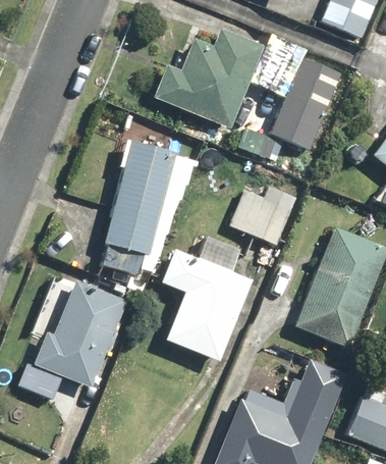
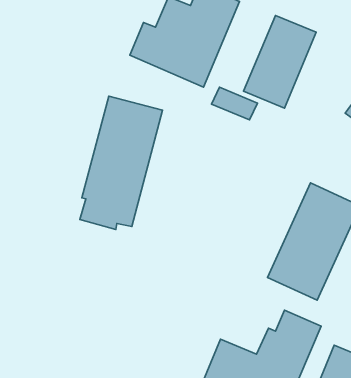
building: [228,183,295,246] -> none
building: [161,231,254,361] -> none
building: [32,279,128,386] -> none

